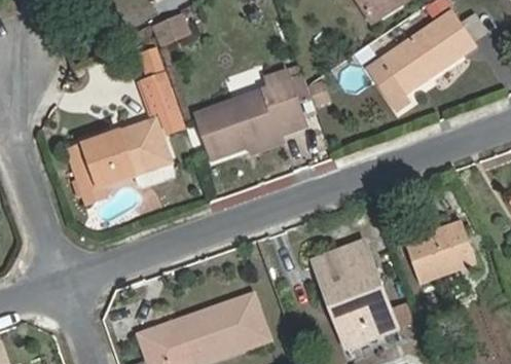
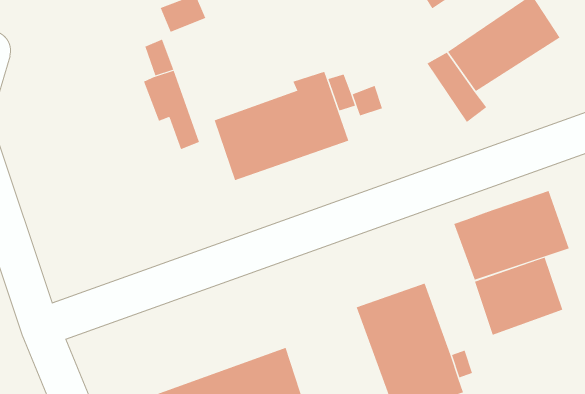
building: [66,118,175,201] -> none
building: none -> [454,190,569,281]

